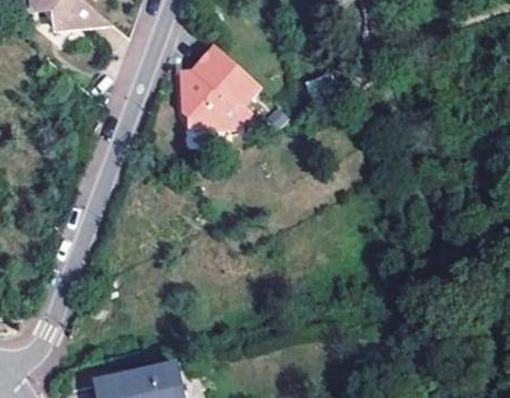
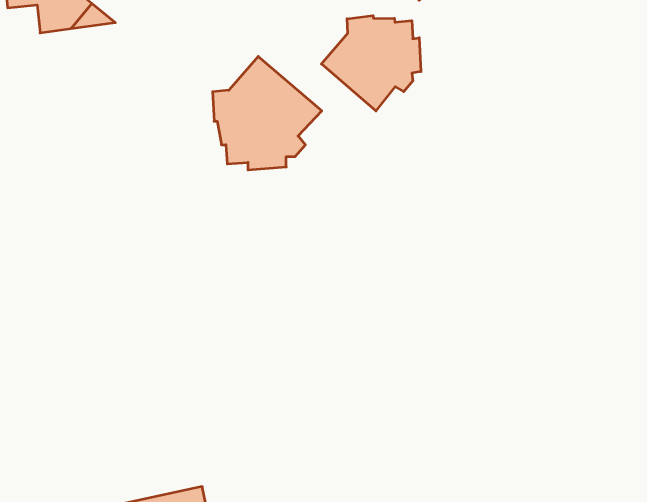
building: none -> [321,16,421,111]

